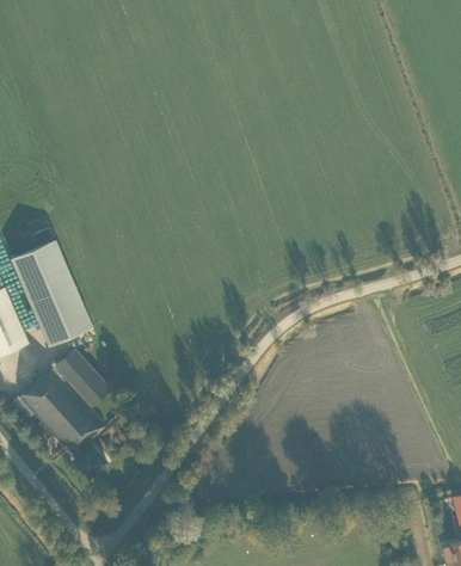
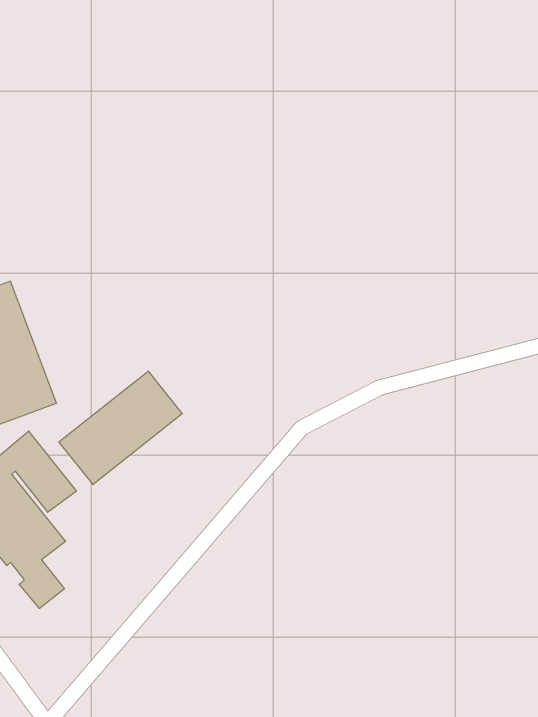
building: none -> [59,371,182,485]

